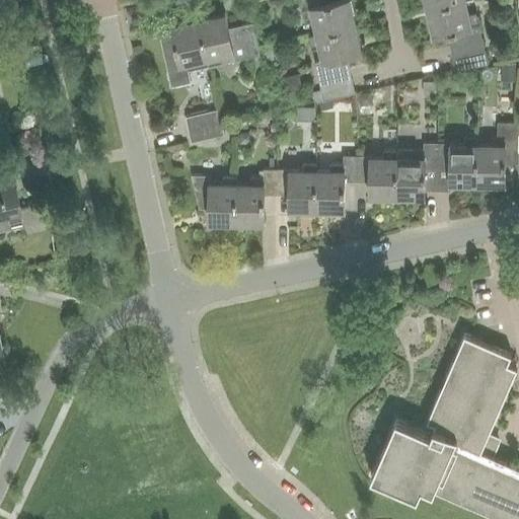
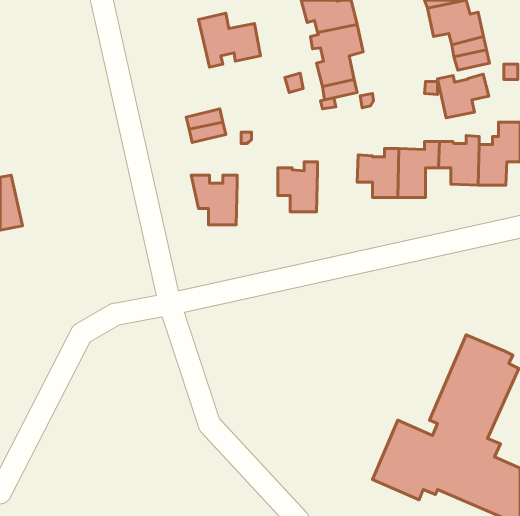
building: [161,23,209,91] -> none
building: none -> [437,74,489,118]
building: [315,158,357,215] -> none
building: [235,171,277,228] -> none

